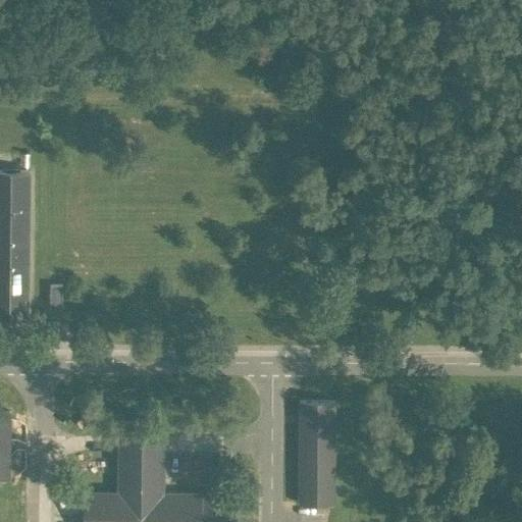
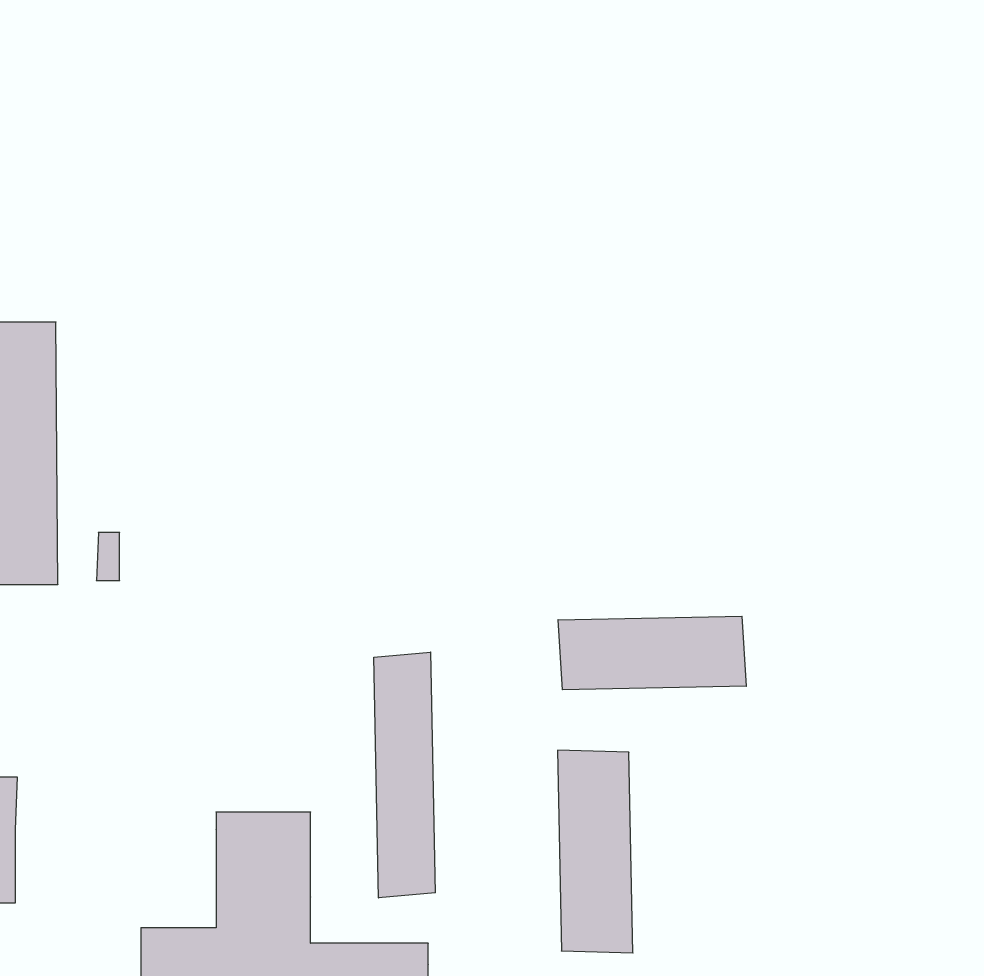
building: none -> [558,616,746,690]
building: none -> [374,652,435,898]

